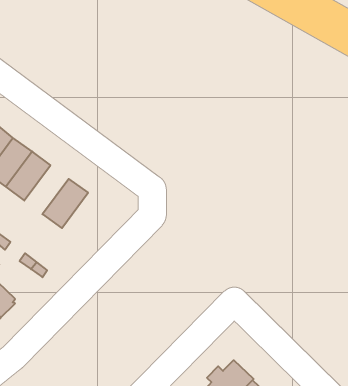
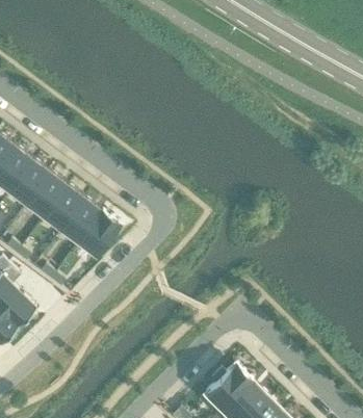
building: none -> [43,185,83,230]
building: none -> [77,210,119,256]

